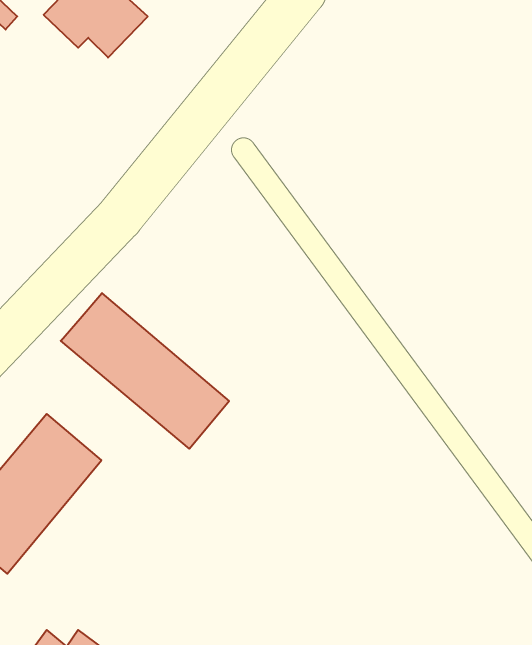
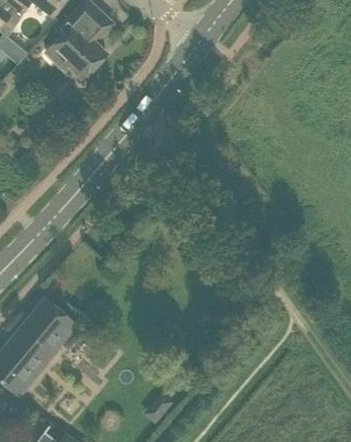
building: [61,293,229,449] -> none

